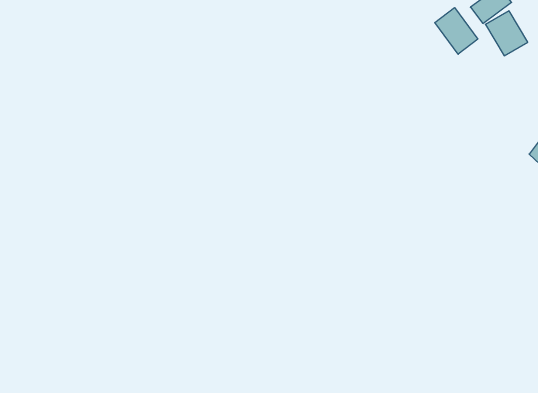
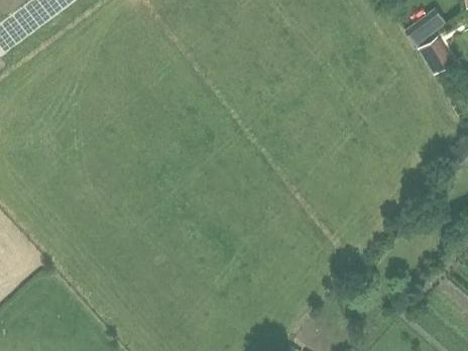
building: [435,8,478,54] -> none

